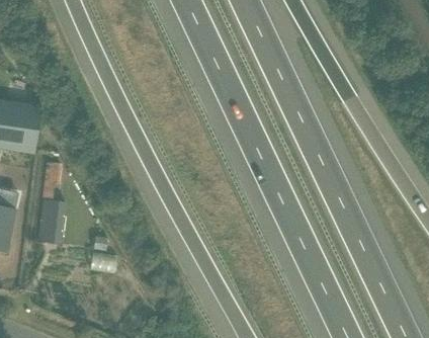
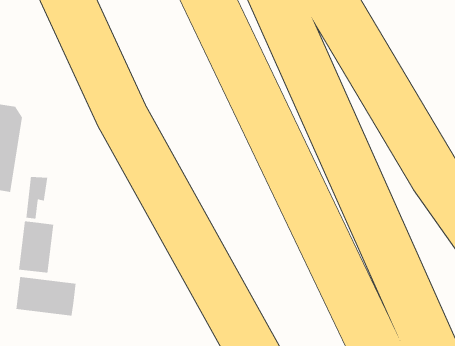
building: none -> [15,276,76,317]

